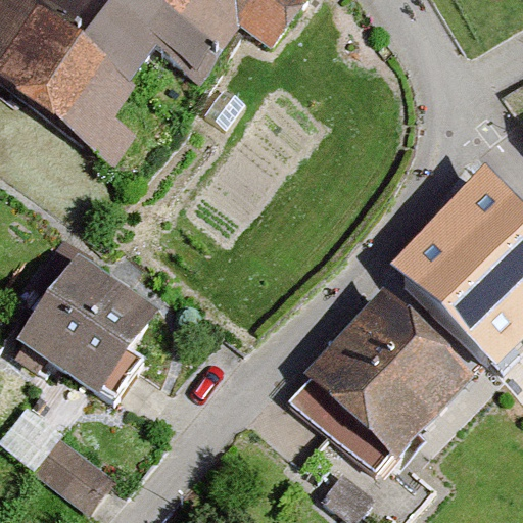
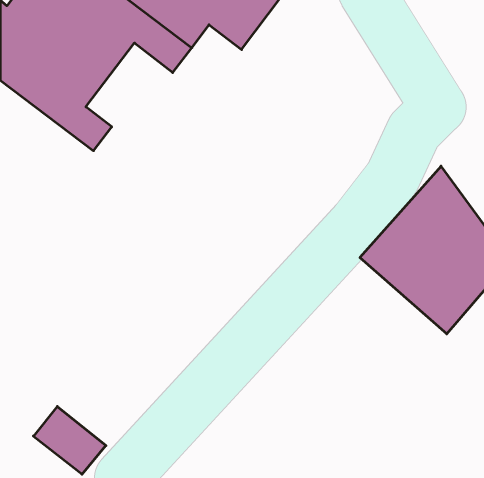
building: [20,240,165,388] -> none
building: [302,298,462,456] -> none

